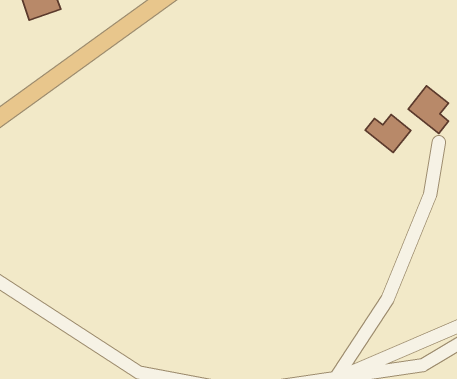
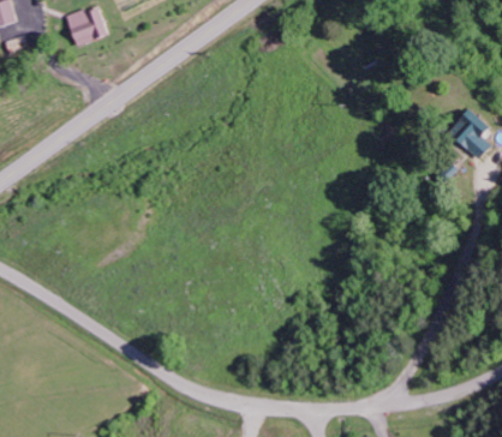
building: [365,115,411,153] -> none

